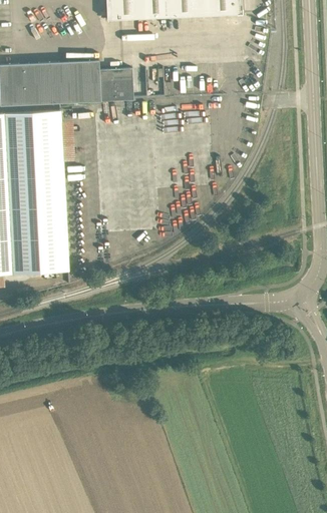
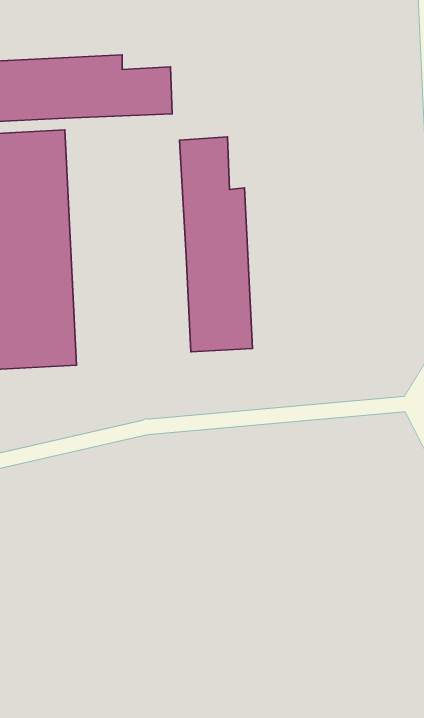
building: none -> [179,137,253,352]

